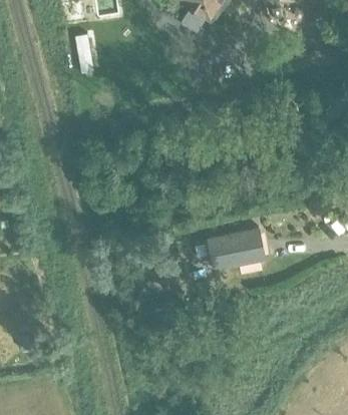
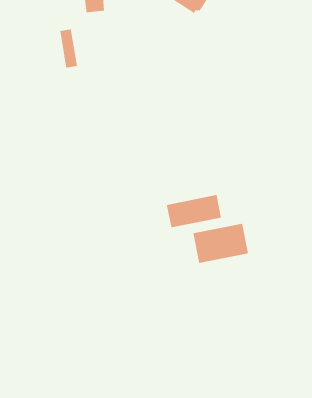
building: none -> [166,194,222,228]

